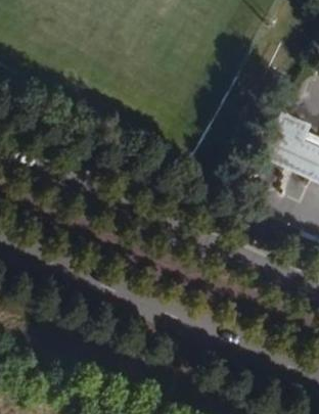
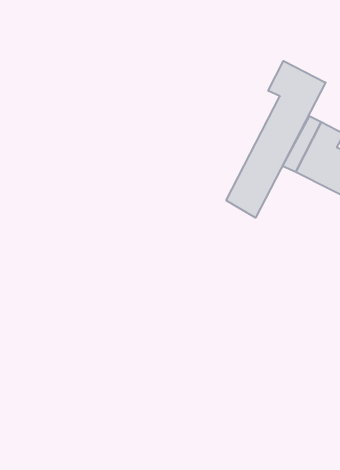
building: none -> [226,61,326,218]

